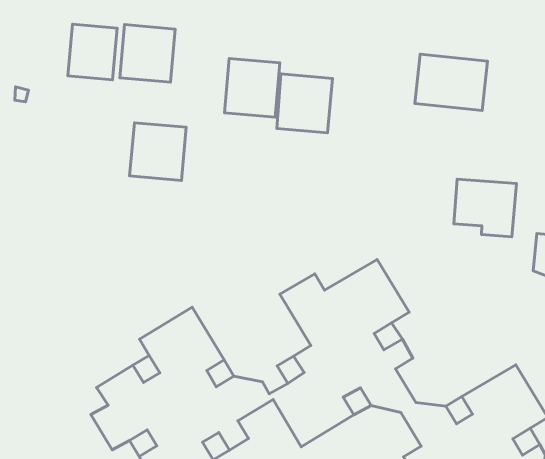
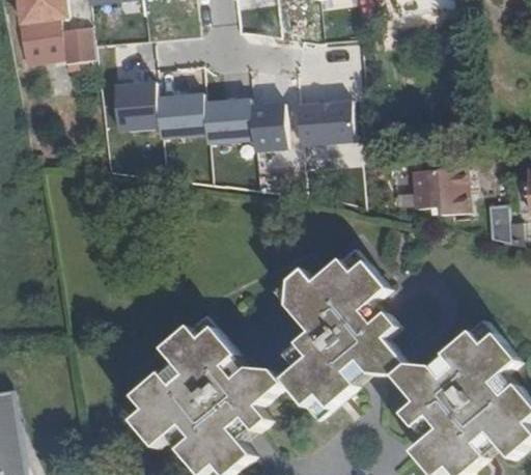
building: [68,24,117,80] -> none
building: [415,54,488,110] -> [296,100,356,145]
building: [130,123,186,180] -> [155,90,202,139]

